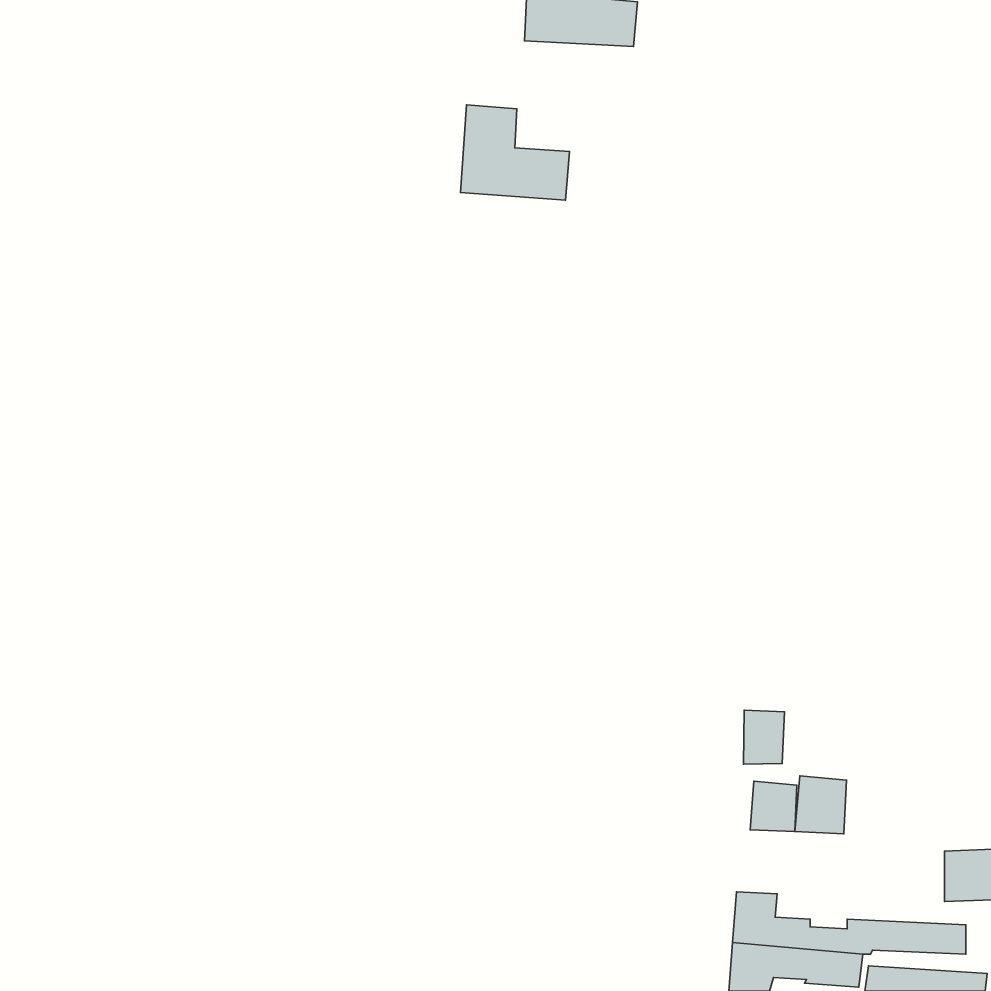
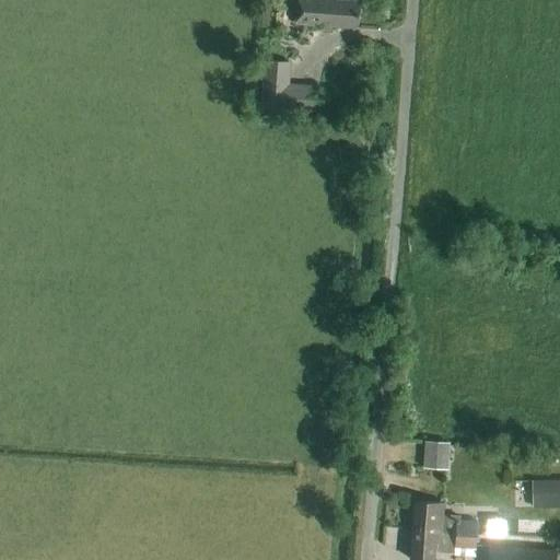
building: [743,710,784,764] -> none
building: [795,776,847,834] -> none

